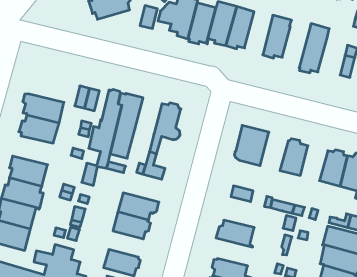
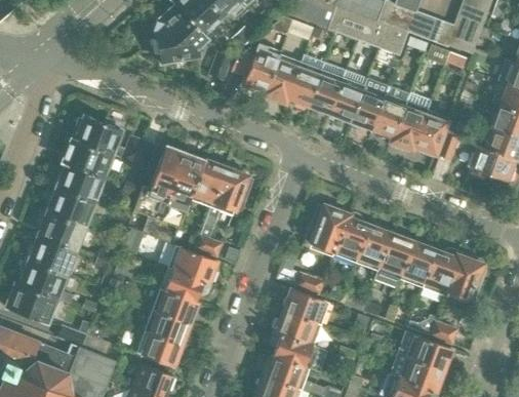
building: none -> [329,70,366,123]
building: none -> [372,86,409,143]
building: none -> [413,110,449,156]
building: none -> [70,115,121,155]
building: none -> [191,158,226,203]
building: none -> [333,213,369,261]
building: none -> [44,189,93,226]
building: none -> [380,233,414,277]
building: none -> [169,246,215,283]
building: none -> [283,289,327,324]
building: none -> [146,311,190,345]
building: none -> [271,331,321,372]

